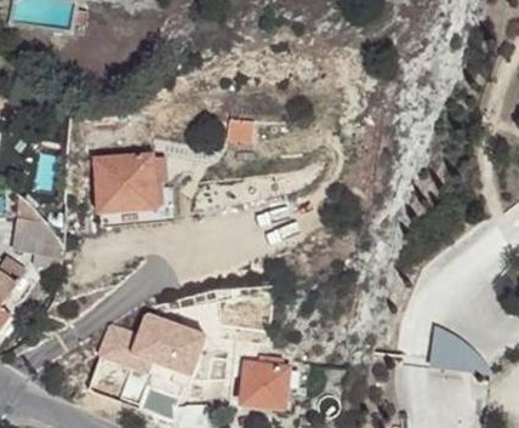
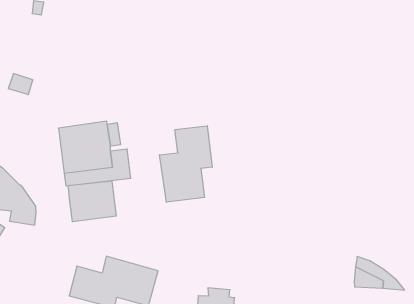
building: none -> [160,126,212,202]
building: none -> [68,181,116,222]

